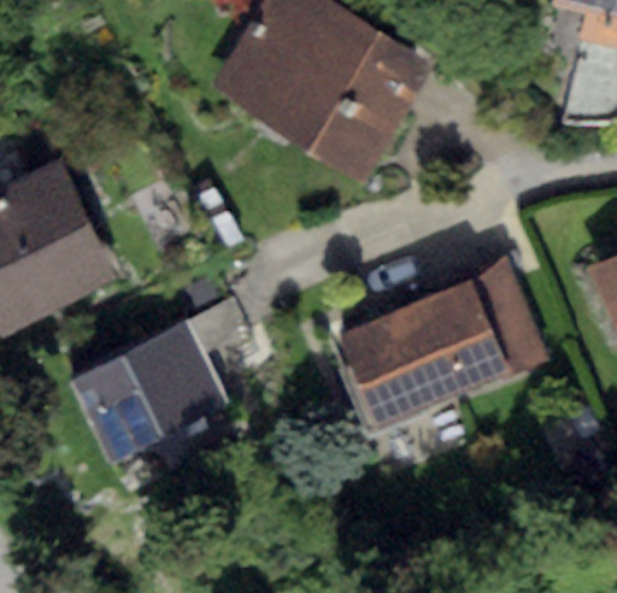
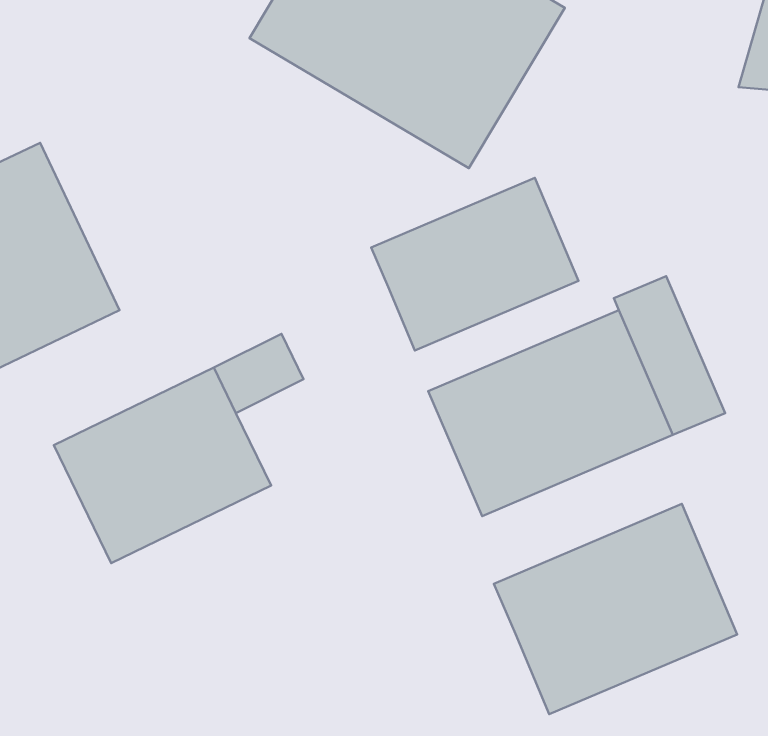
building: none -> [371,178,578,350]
building: none -> [494,504,737,714]

